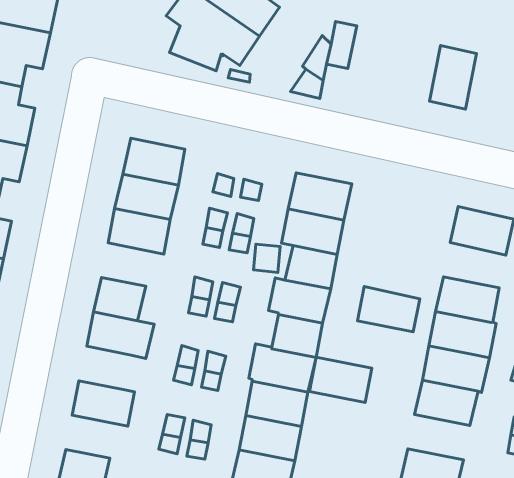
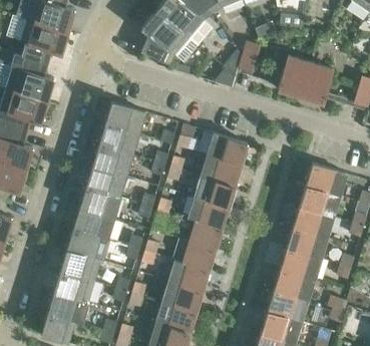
building: none -> [277,55,310,96]
building: none -> [85,166,125,198]
building: [358,286,420,332] -> [299,186,339,217]
building: none -> [65,230,99,259]
building: [310,357,372,403] -> [267,291,307,322]
building: none -> [53,272,93,303]

